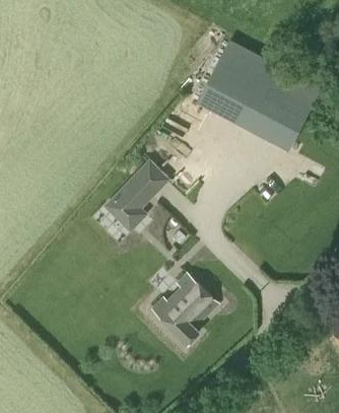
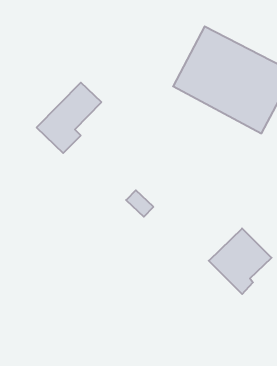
building: [104,159,171,232] -> [37,83,101,153]
building: [153,274,218,342] -> [209,228,272,294]

